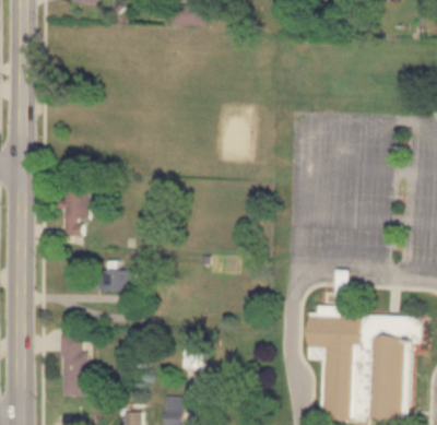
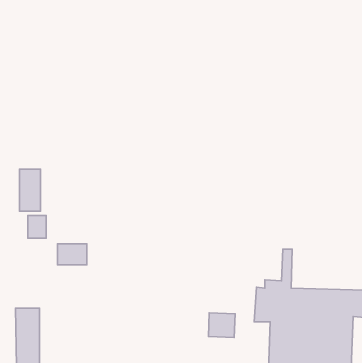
building: none -> [28,215,46,238]
building: none -> [208,313,235,337]

